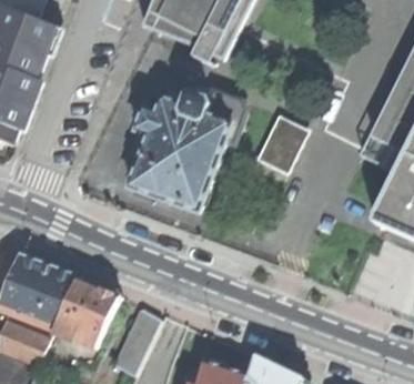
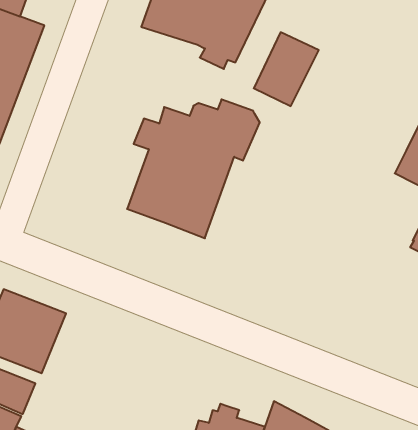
building: [252,111,309,175] -> [254,32,319,106]
building: [52,276,119,345] -> none
building: [113,306,160,373] -> none

